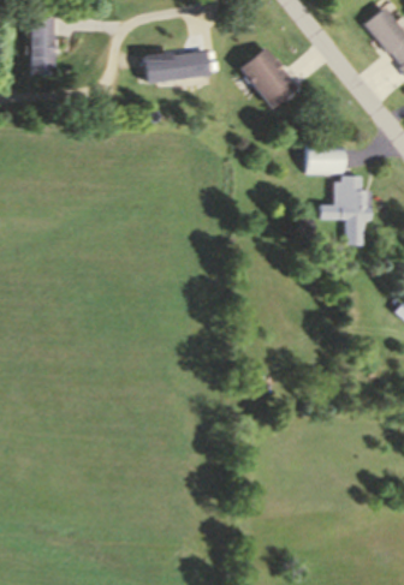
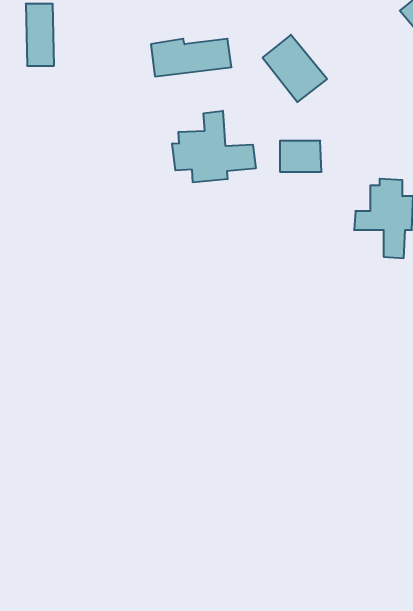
building: none -> [172,111,256,182]
building: [310,147,347,174] -> [280,141,322,172]

